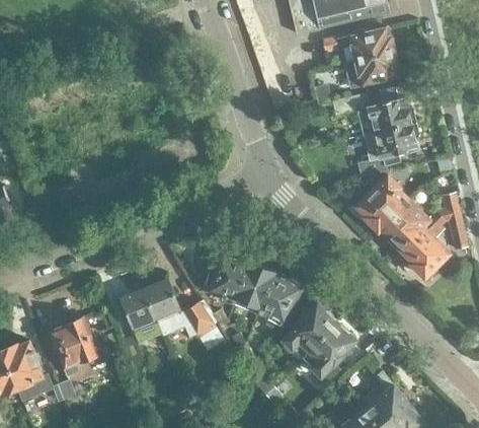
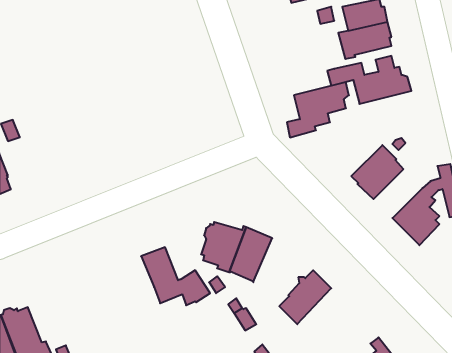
building: [357,122,420,177] -> [287,82,349,137]
building: [379,201,428,251] -> none
building: [257,271,302,328] -> none
building: [121,289,157,333] -> none
building: [48,316,100,377] -> none
building: [302,322,355,382] -> none

